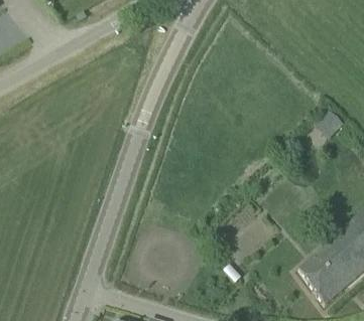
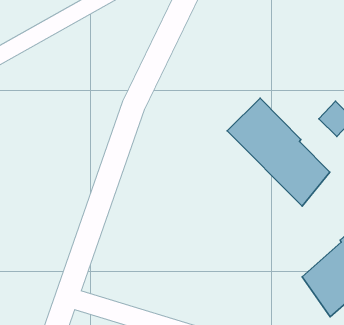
building: none -> [227,98,330,206]

